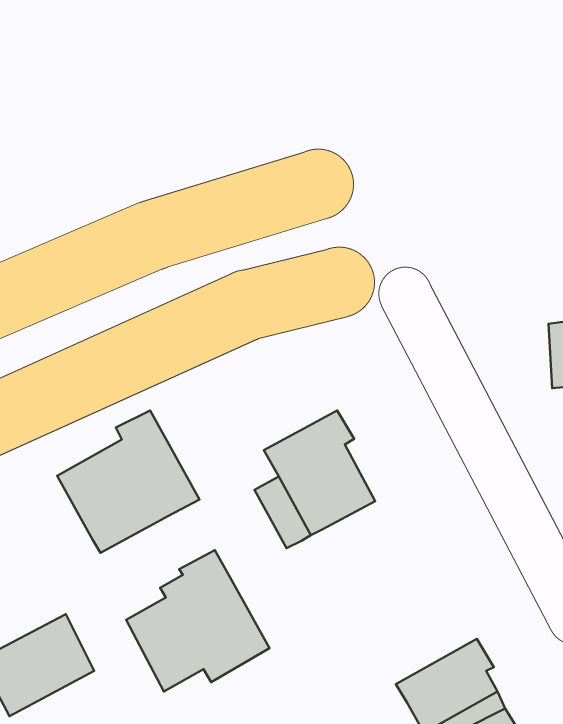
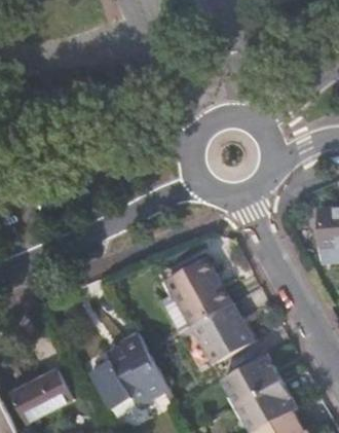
building: [57,411,200,553] -> none
building: none -> [196,303,251,361]
building: none -> [221,357,280,406]

